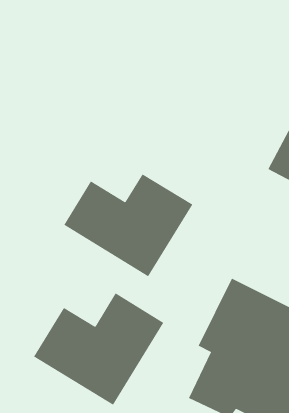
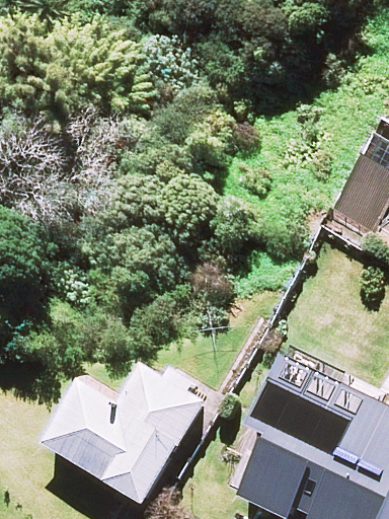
building: [64,173,193,277] -> none

